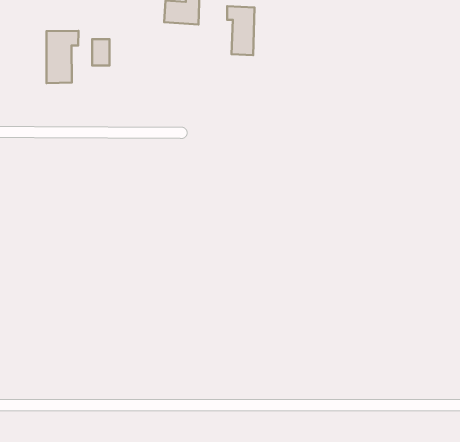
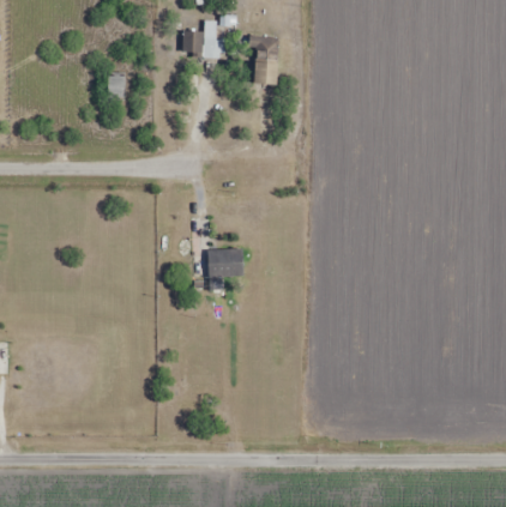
building: [46,31,78,83] -> none
building: none -> [207,249,241,277]

